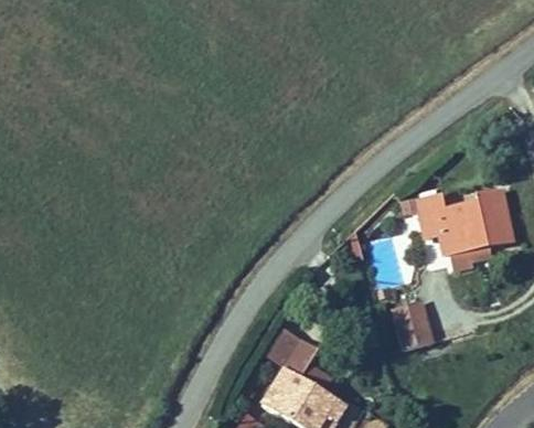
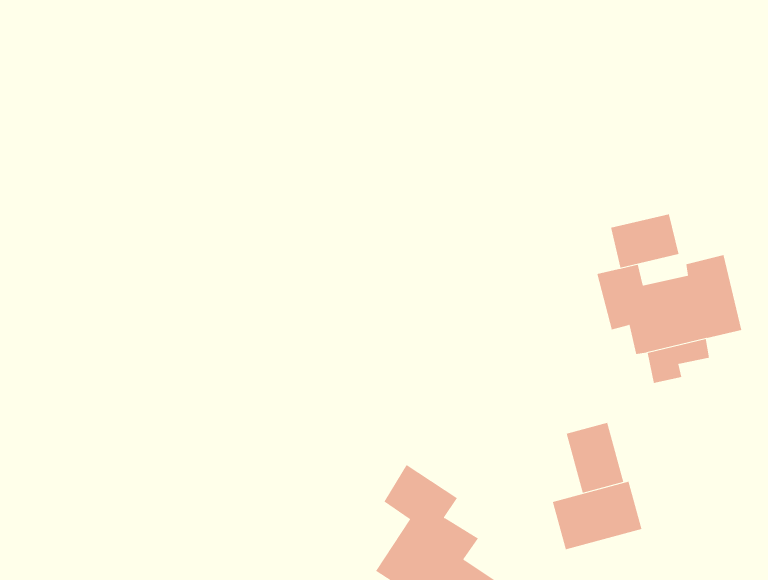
building: none -> [610,213,679,268]
building: none -> [552,481,642,550]

